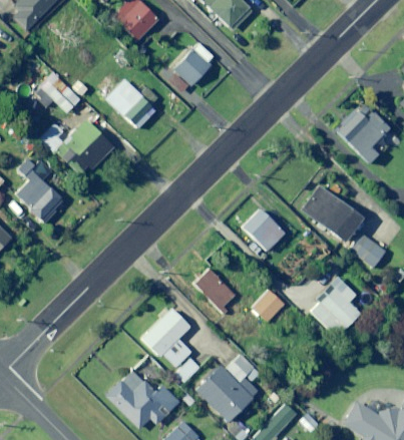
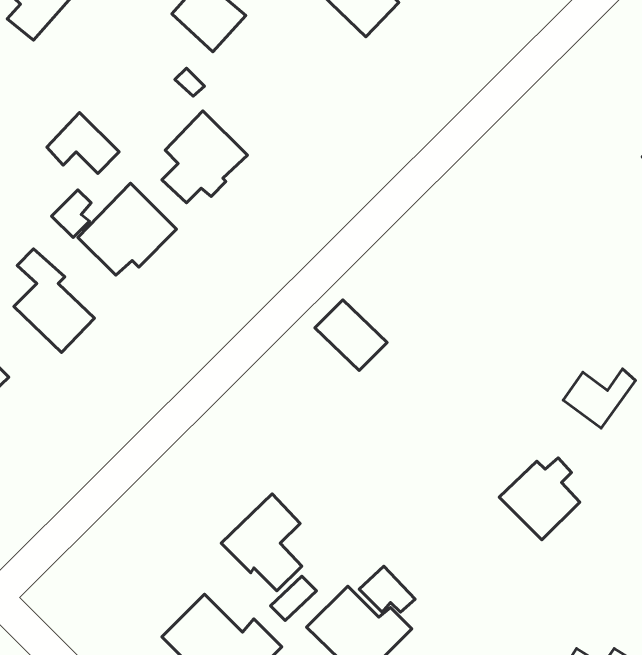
building: [169,48,212,92] -> none
building: [336,108,391,162] -> none
building: [303,186,363,242] -> none
building: [244,209,288,253] -> [315,300,387,371]
building: [195,269,236,310] -> none
building: [254,289,287,322] -> none

